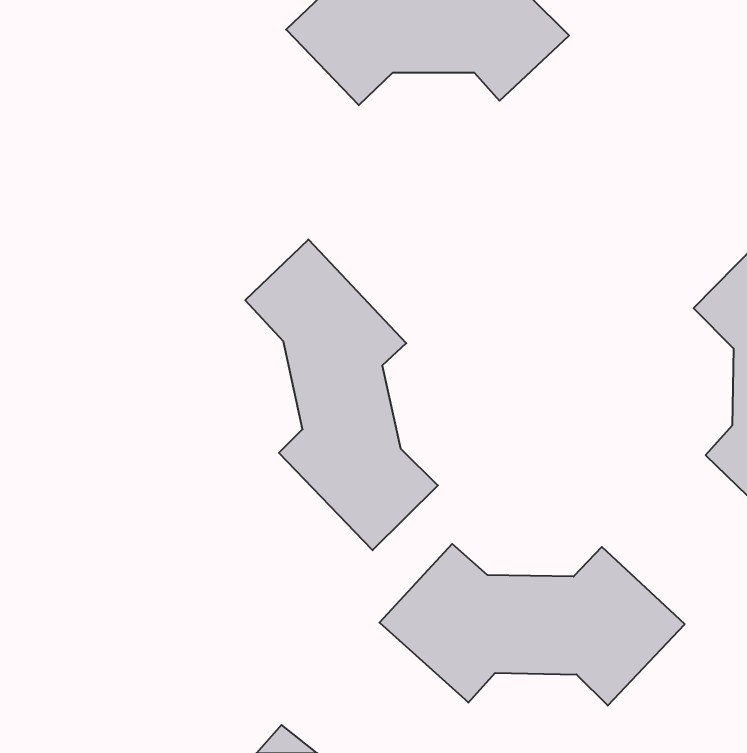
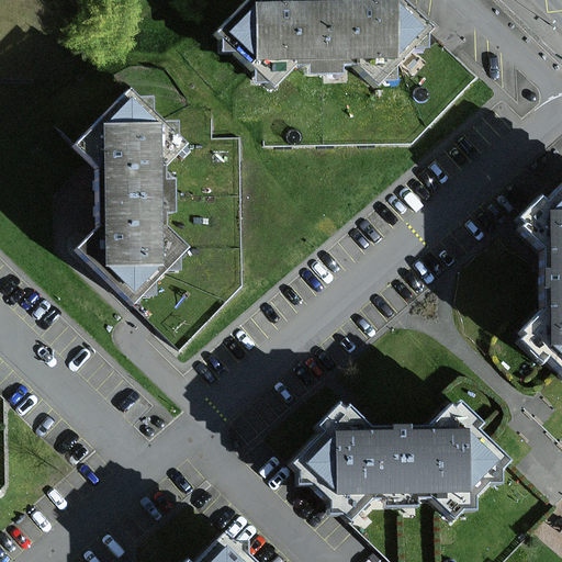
building: none -> [79,86,186,293]
building: [245,239,438,550] -> none

